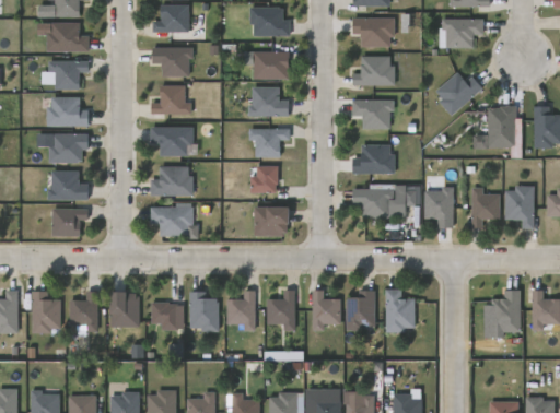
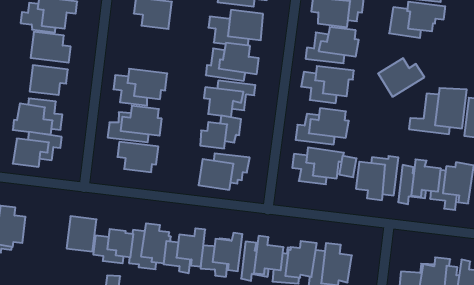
building: [152,85,191,114] -> none
building: [70,291,97,328] -> none

